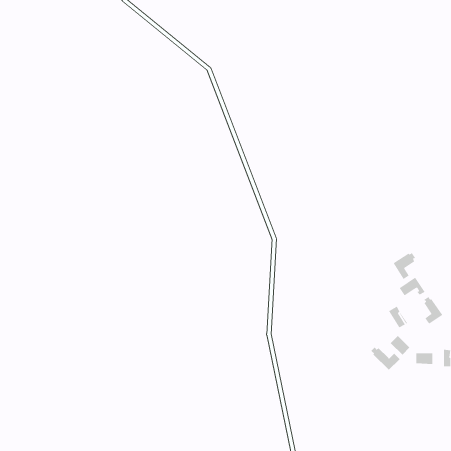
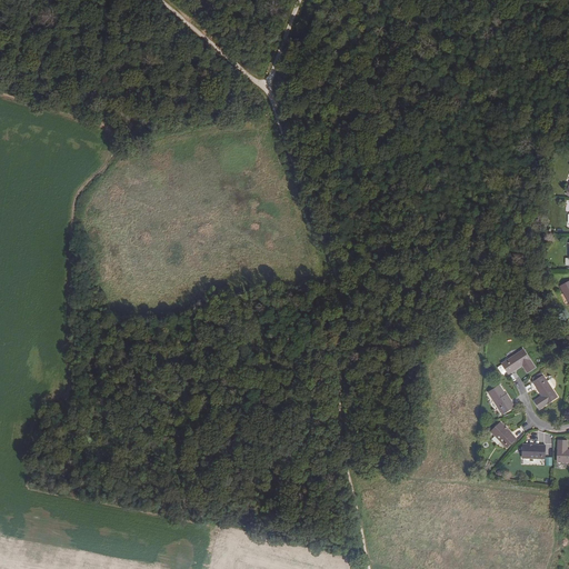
building: [393,252,416,280] -> none
building: [371,347,400,371] -> none

